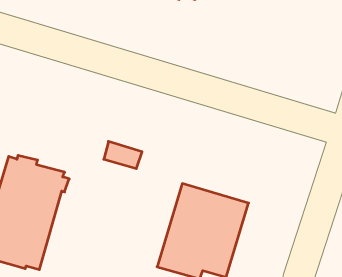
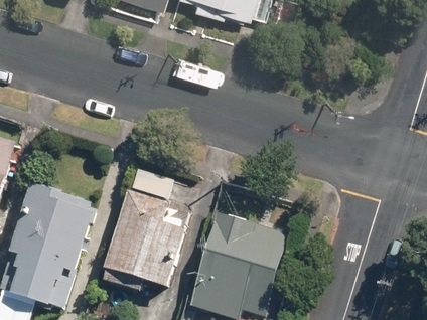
building: none -> [112,197,189,294]

